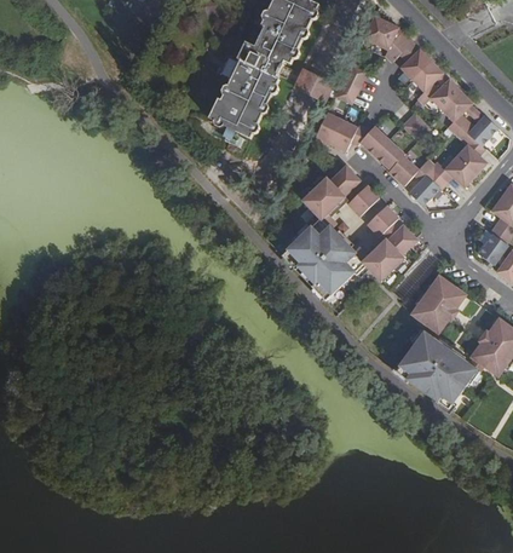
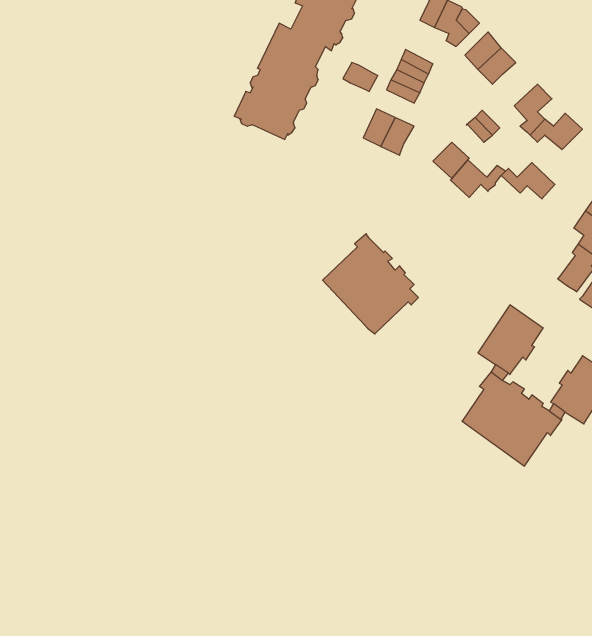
building: [416,79,461,109] -> none
building: [350,123,390,155] -> none
building: [456,133,486,174] -> none
building: [302,165,379,219] -> none
building: [409,167,446,205] -> none
building: [362,205,417,281] -> none

